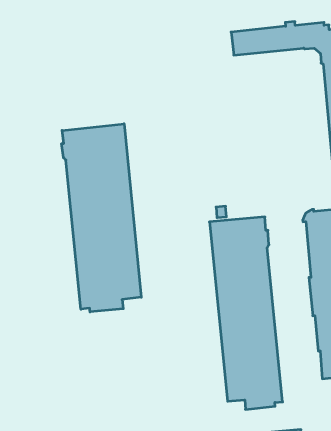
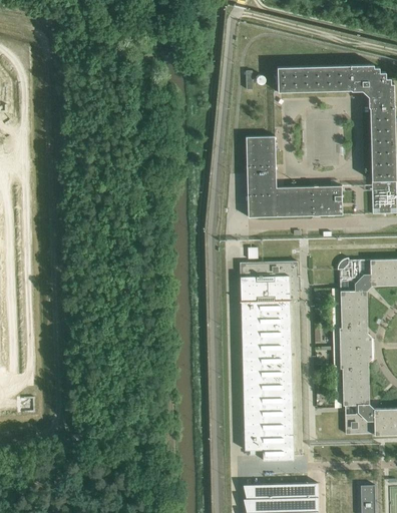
building: none -> [246,136,342,218]
building: [62,124,141,312] -> none

